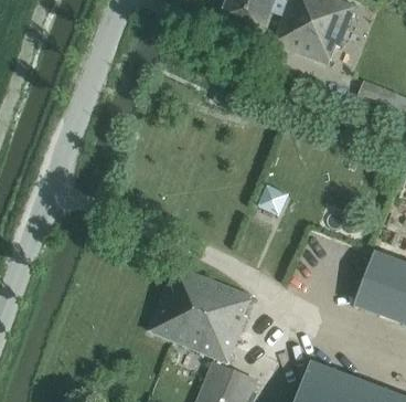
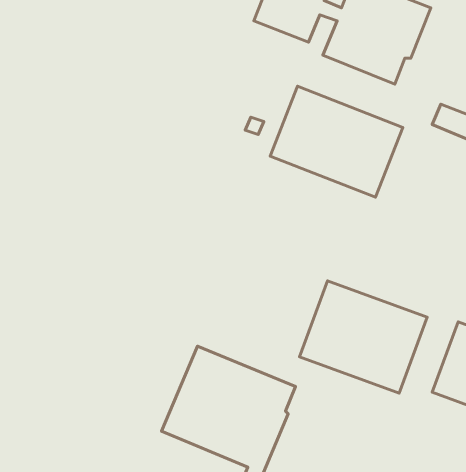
building: none -> [270,86,403,197]
building: none -> [300,281,427,393]

